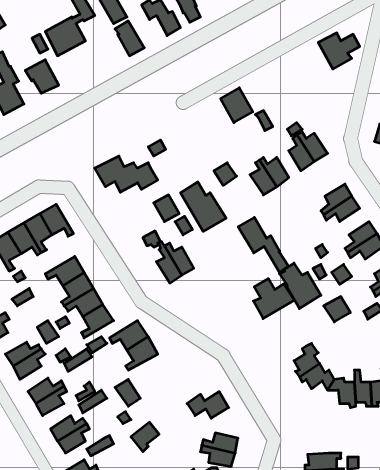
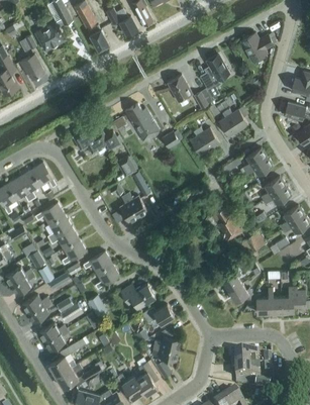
building: none -> [200,55,229,87]
building: [181,182,226,231] -> [125,102,160,139]
building: [238,217,288,273] -> none
building: [253,279,294,319] -> none
building: none -> [121,283,156,306]

